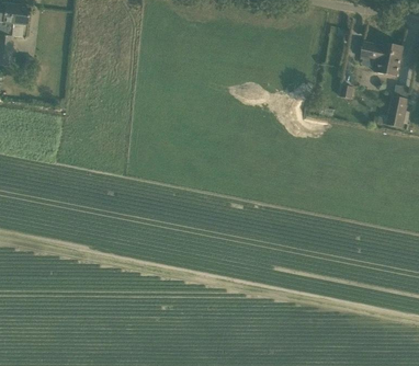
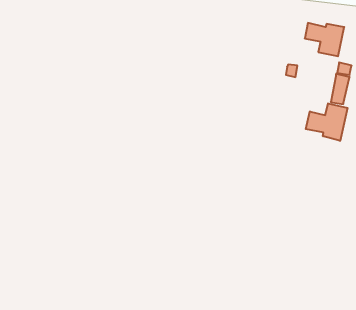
building: none -> [306,103,348,141]

